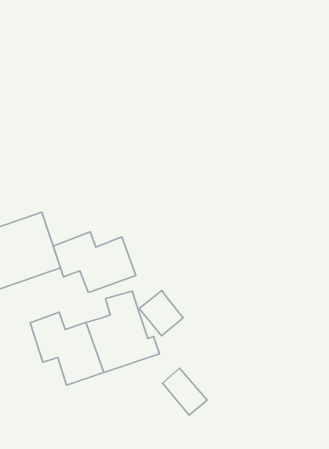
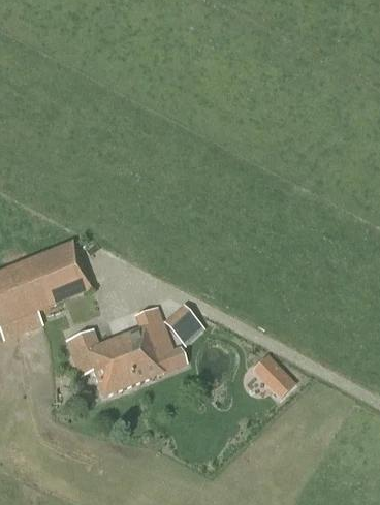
building: [53,232,136,292] -> none
building: [163,368,207,415] -> [253,354,294,397]

